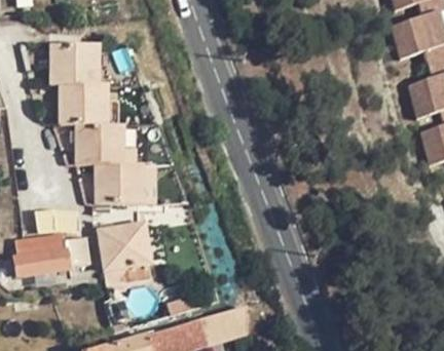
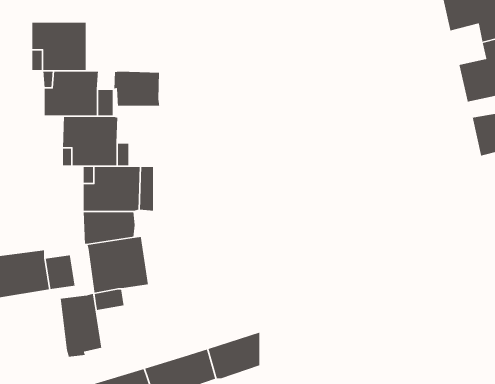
building: none -> [113,71,160,106]
building: none -> [60,293,102,357]

